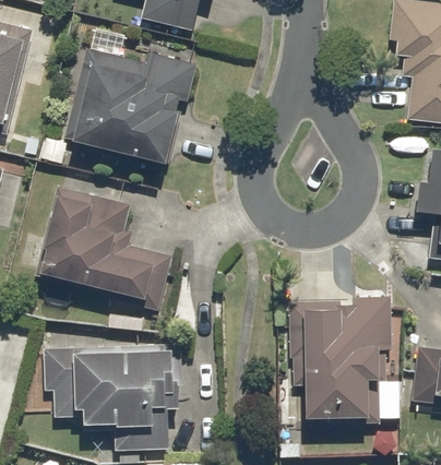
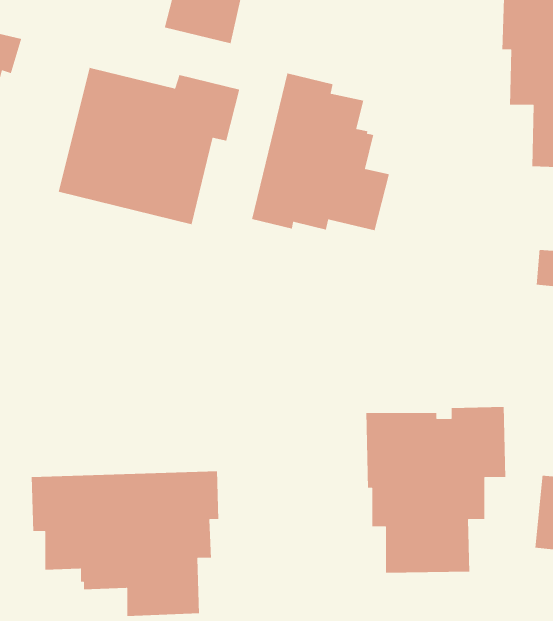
building: none -> [251,73,390,231]
building: [35,188,172,311] -> none

